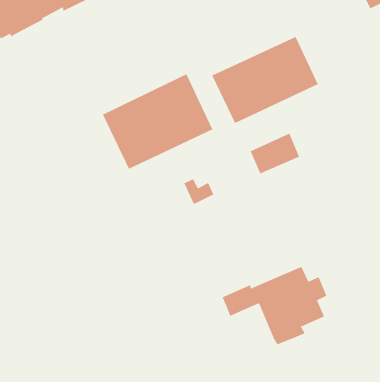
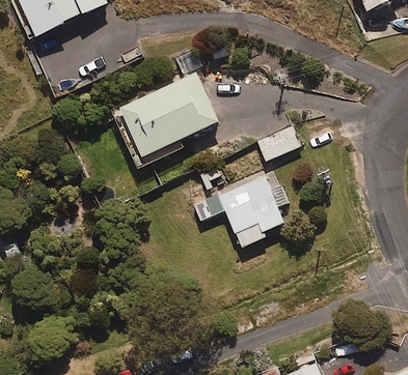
building: [212,36,318,124] -> none
building: [222,266,327,345] -> [194,175,290,247]

